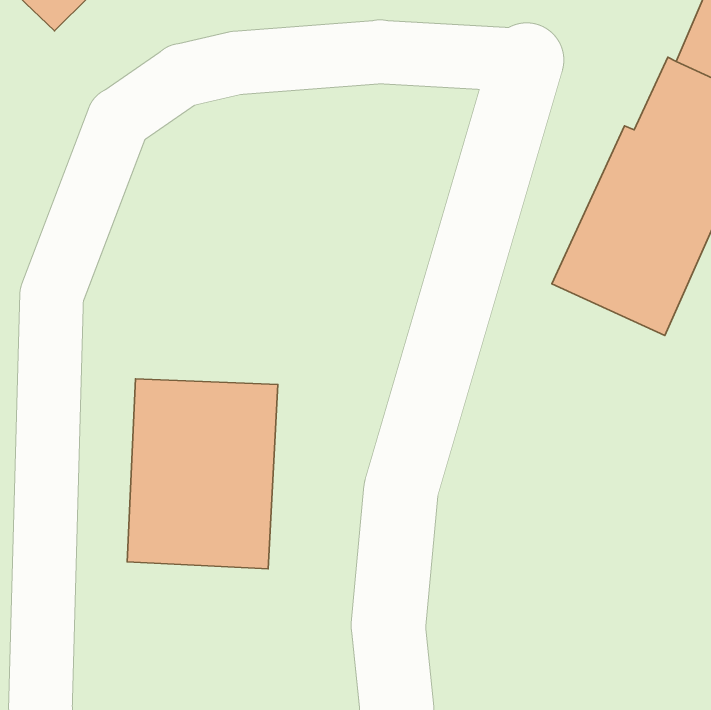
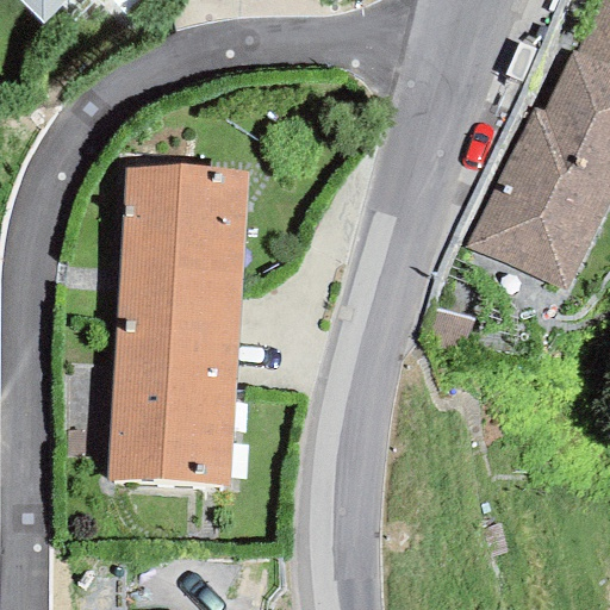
building: none -> [118,164,247,328]

